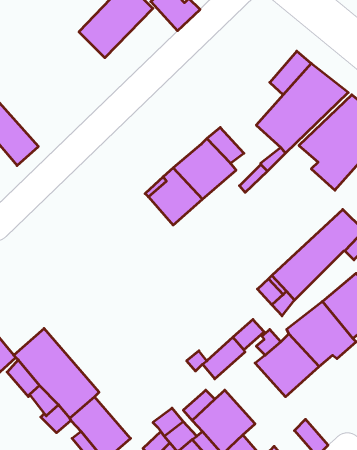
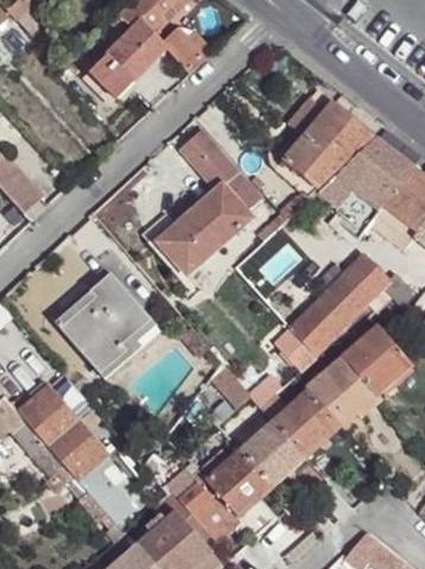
building: none -> [180,129,236,189]
building: none -> [59,271,152,373]
building: none -> [241,421,305,485]

